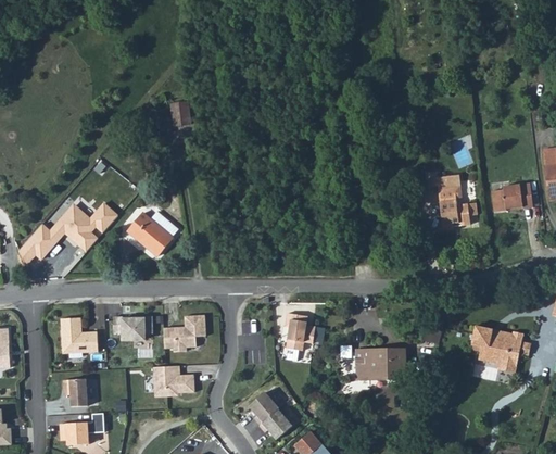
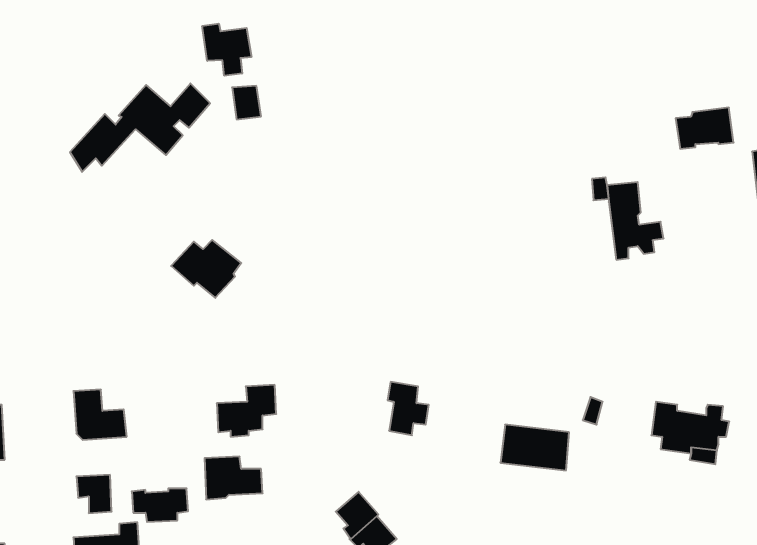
building: none -> [202,24,251,76]
building: [494,181,535,211] -> [676,108,734,149]
building: [18,201,118,264] -> [70,83,210,172]
building: [110,316,150,340] -> [132,488,188,522]

